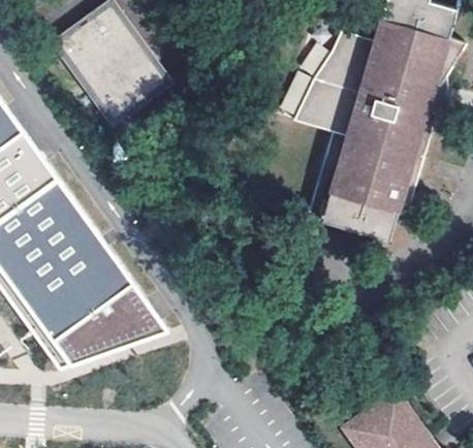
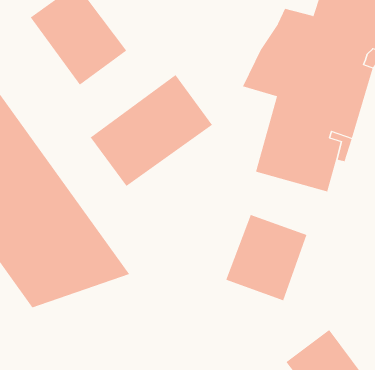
building: none -> [90,74,213,187]
building: none -> [226,214,307,301]

